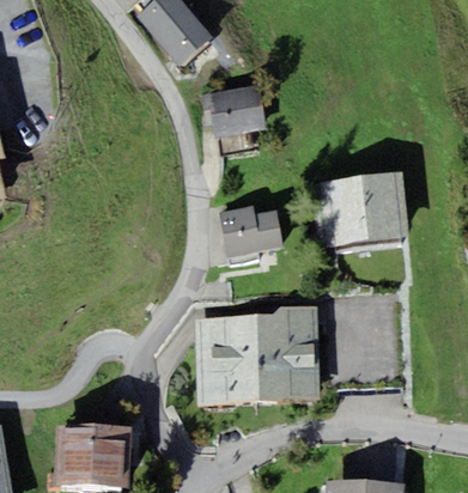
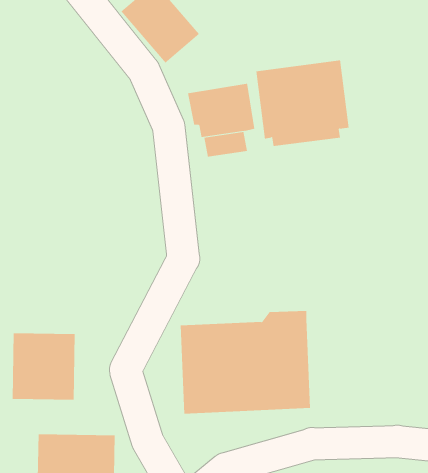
building: [320,171,411,255] -> [256,60,350,146]
building: [218,207,282,257] -> none
building: none -> [12,333,75,401]

